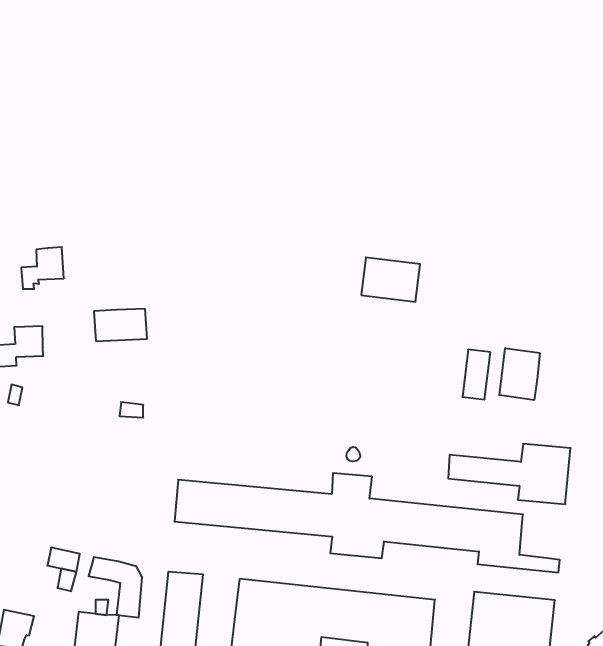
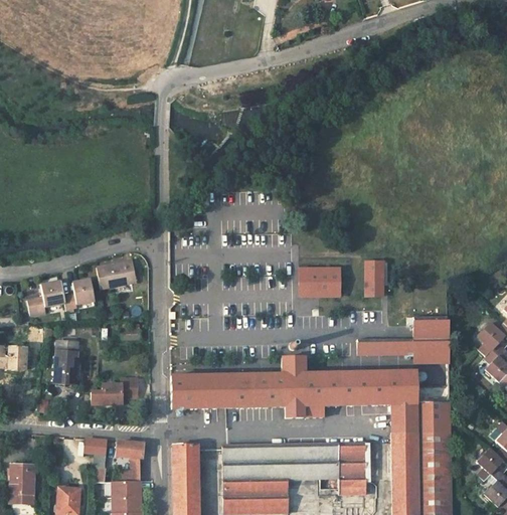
building: [21,247,64,289] -> [63,278,95,311]
building: [361,257,420,302] -> [300,268,339,295]
building: [499,348,540,400] -> none
building: none -> [54,340,77,383]
building: none -> [92,377,138,403]
building: none -> [391,411,450,433]

